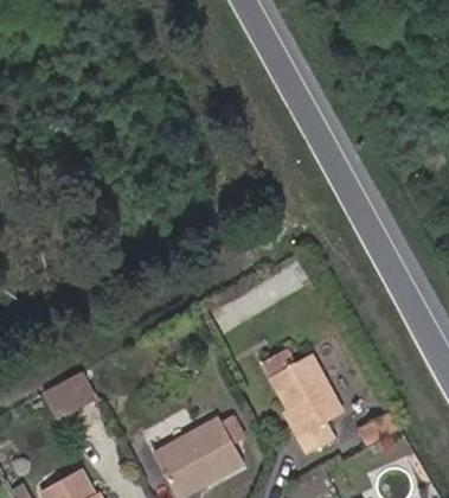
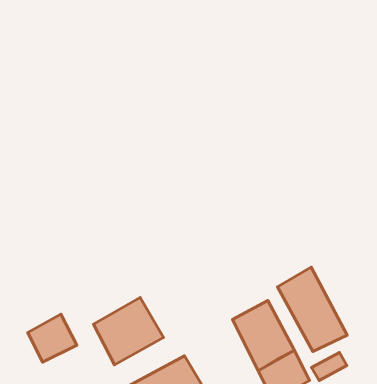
building: none -> [278,267,347,352]
building: none -> [93,297,164,365]

